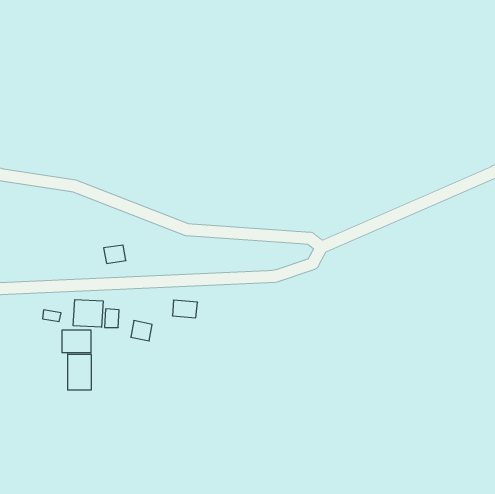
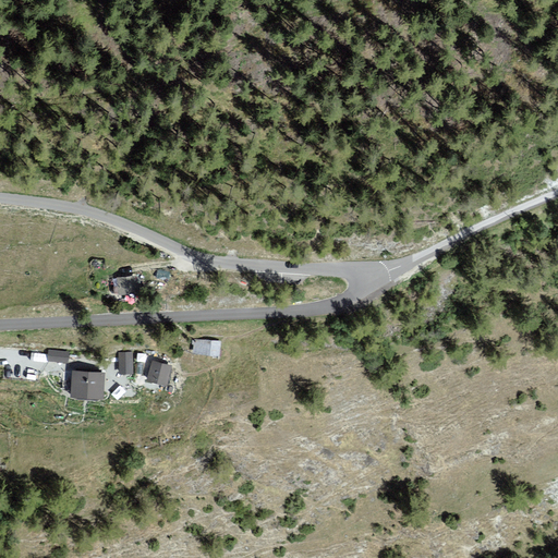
building: [73,300,103,327] -> none
building: [68,354,91,390] -> none

